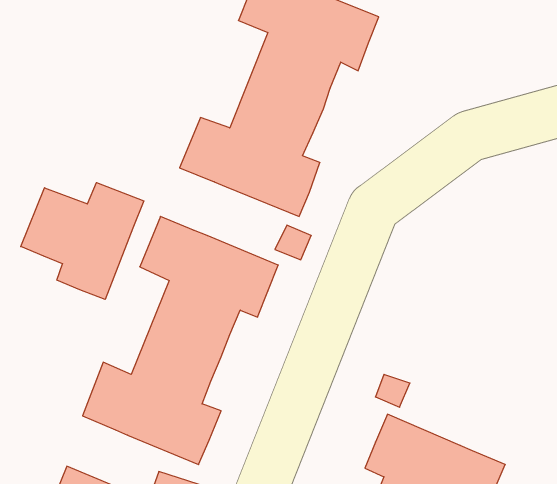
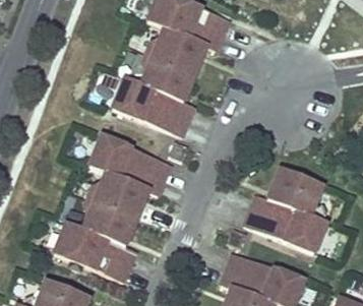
building: [21,183,144,299] -> none
building: none -> [245,168,326,251]

